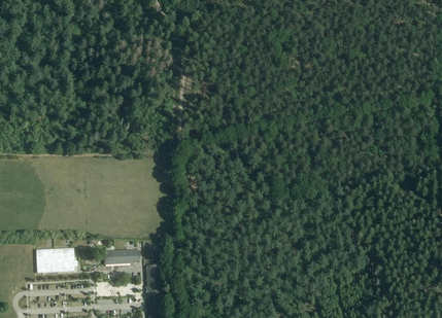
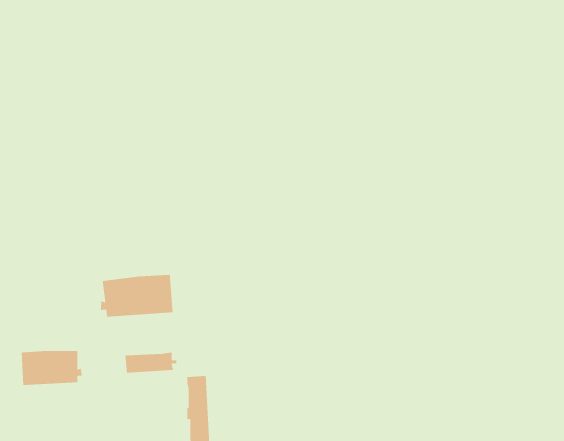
building: none -> [100,274,173,317]

